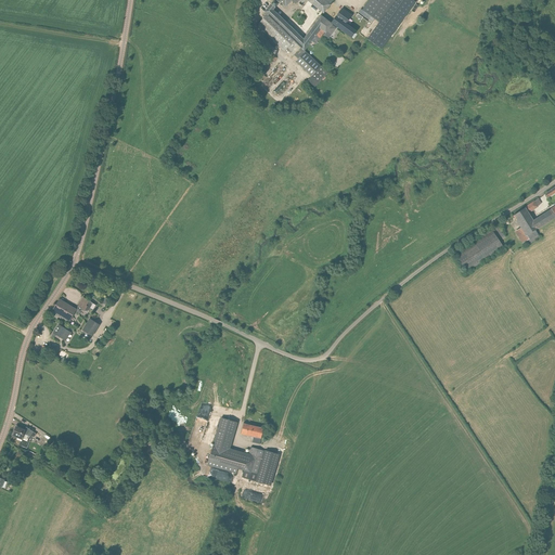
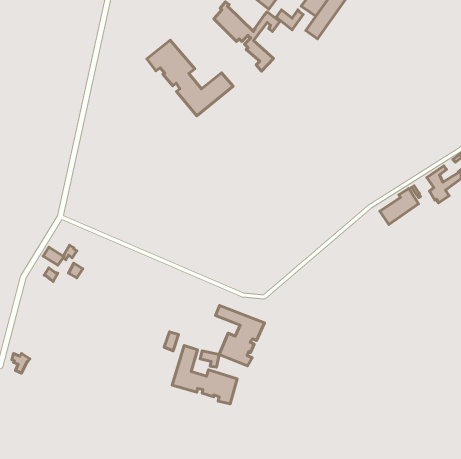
building: none -> [147,40,233,116]
building: none -> [216,305,264,366]

